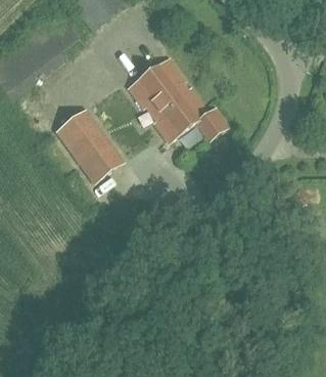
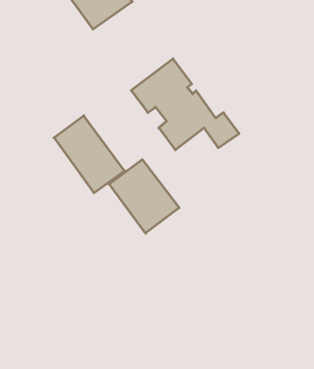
building: none -> [109,160,179,233]

